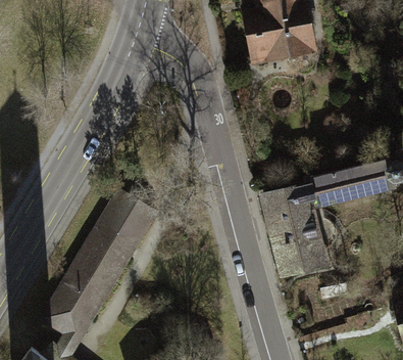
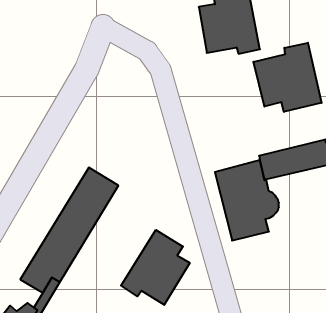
building: none -> [253,43,322,112]
building: none -> [121,230,190,305]

